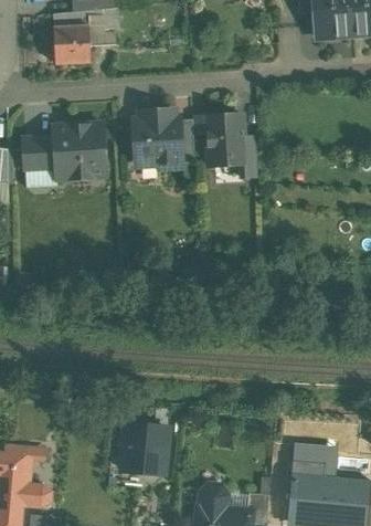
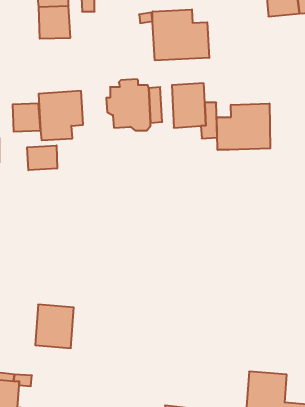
building: none -> [153,9,209,60]
building: none -> [217,103,270,150]
building: none -> [27,145,57,170]
building: [124,424,168,474] -> [35,305,74,348]

